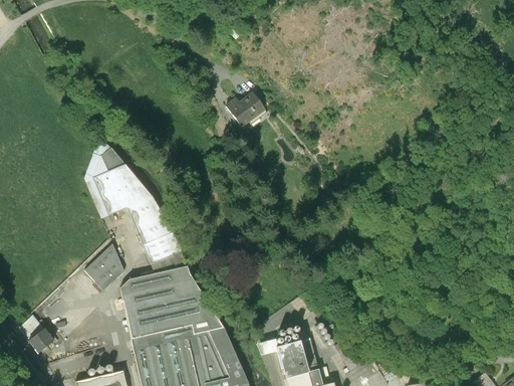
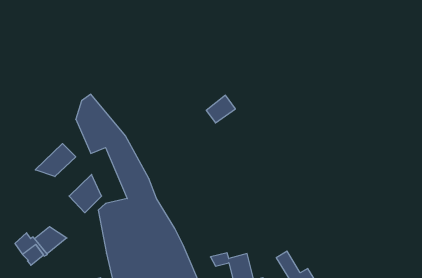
building: [230,95,265,129] -> [206,95,235,123]
building: none -> [35,144,76,177]
building: none -> [34,227,67,254]

